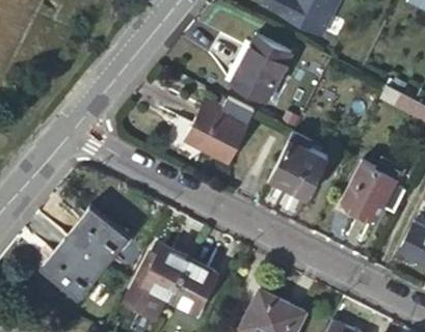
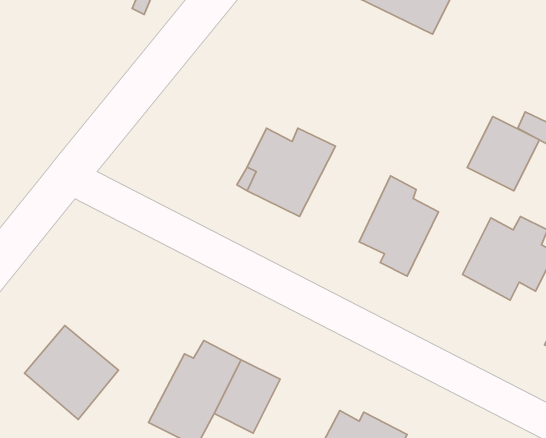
building: [233,36,290,101] -> none
building: none -> [467,117,539,191]
building: [67,208,127,267] -> none

